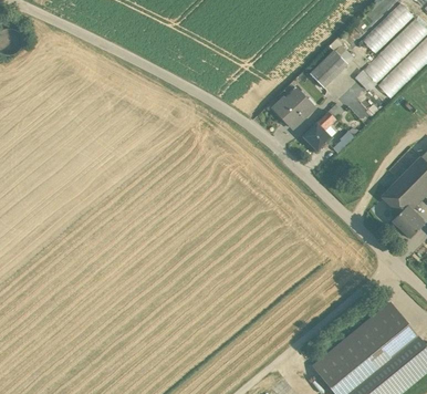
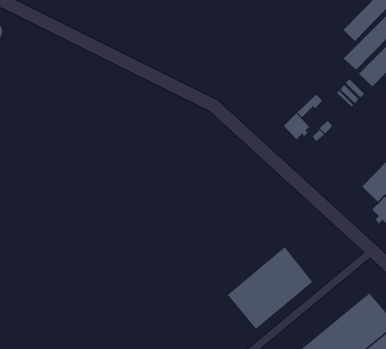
building: [310,50,347,87] -> none
building: [272,86,314,128] -> none
building: none -> [227,246,314,330]

